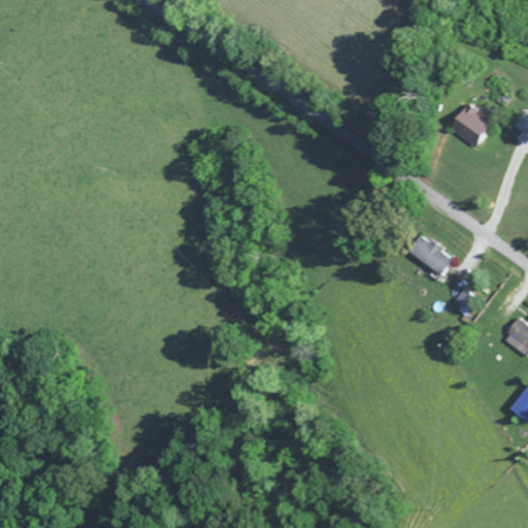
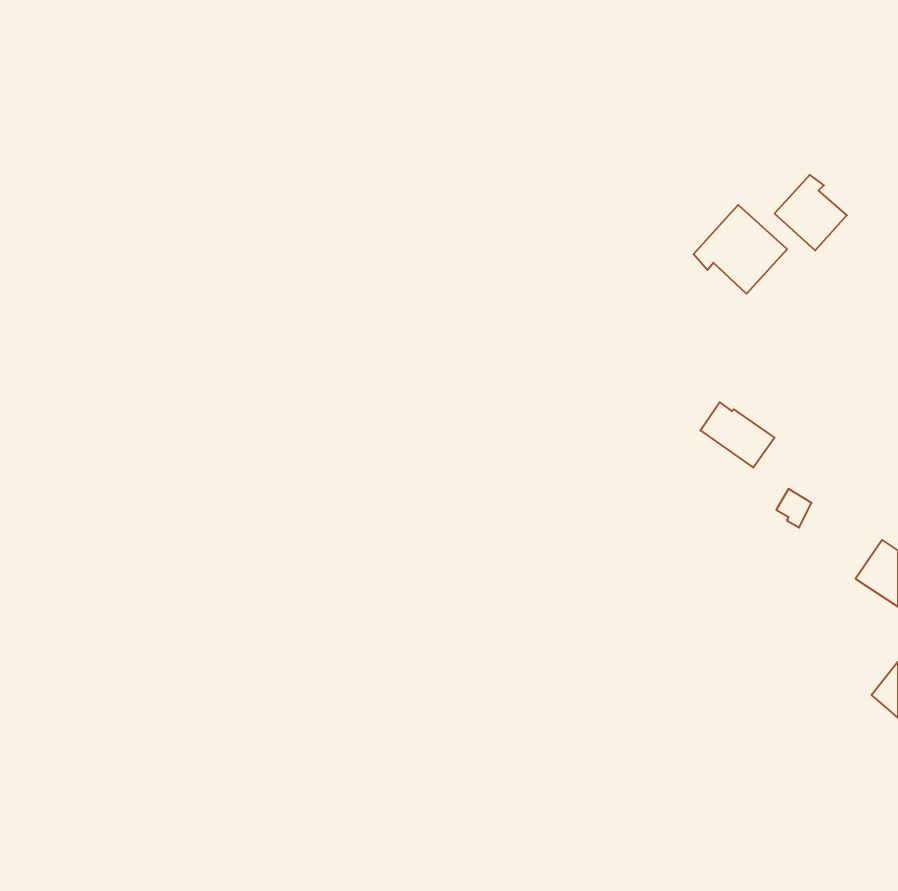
building: none -> [693,205,787,294]

